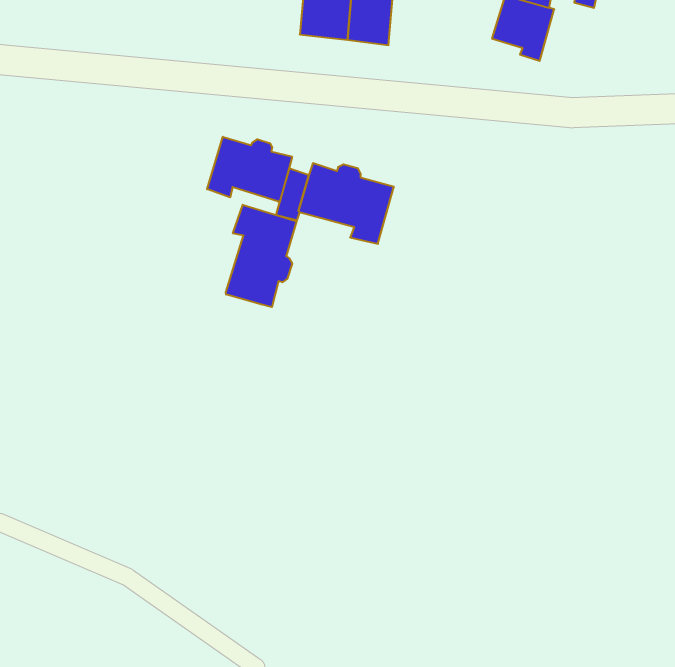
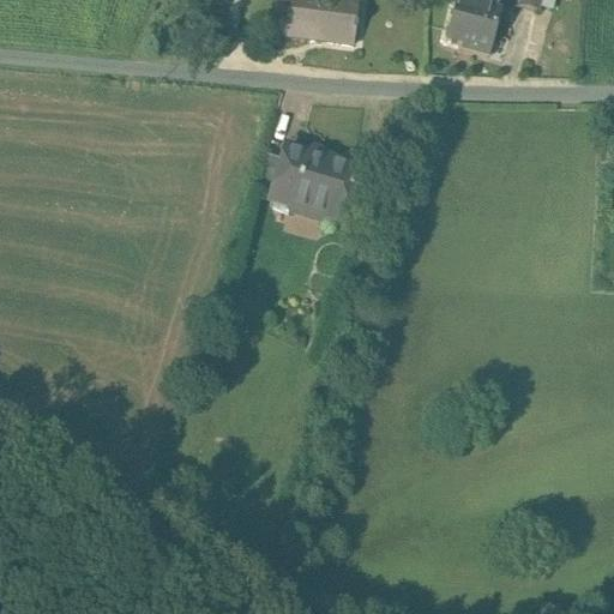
building: [207,137,292,202] -> none
building: [226,205,297,307] -> none

